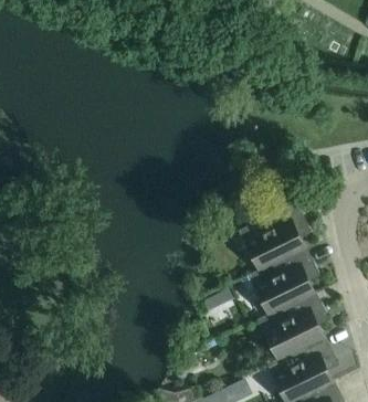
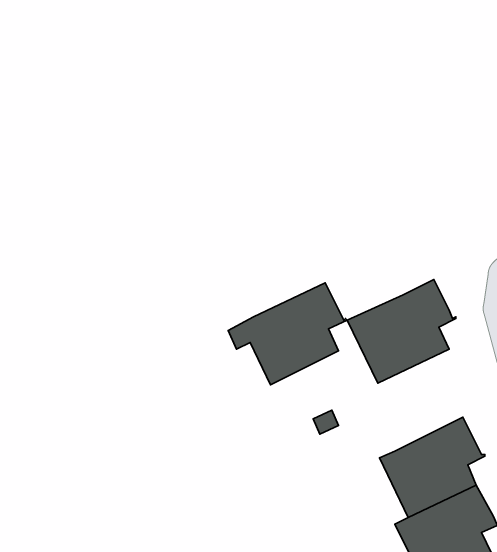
building: [242,252,319,318] -> [228,283,347,385]

